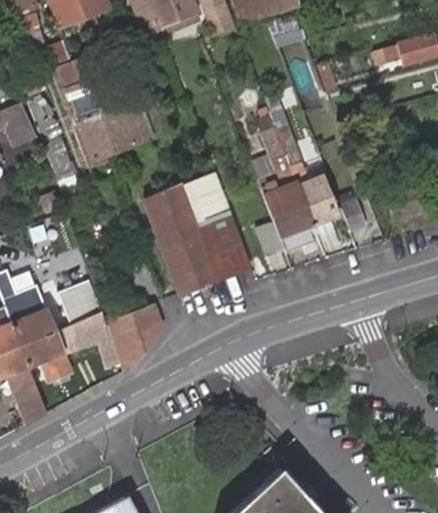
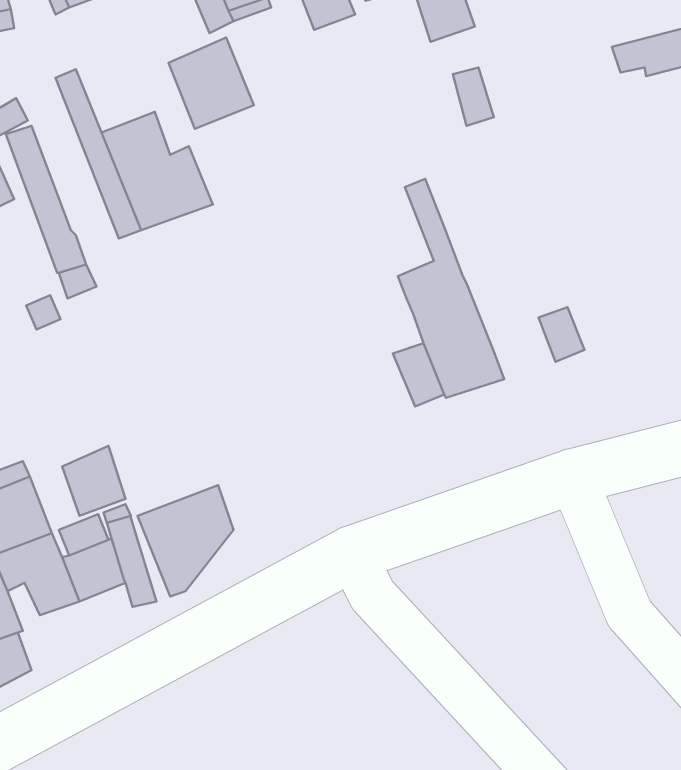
building: none -> [169,38,254,129]
building: [271,108,339,224] -> none
building: [144,171,252,293] -> none

